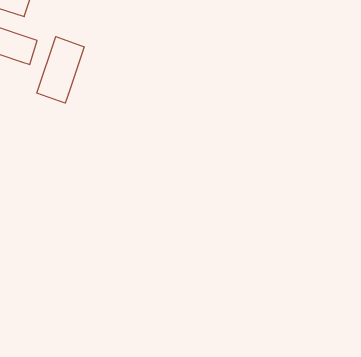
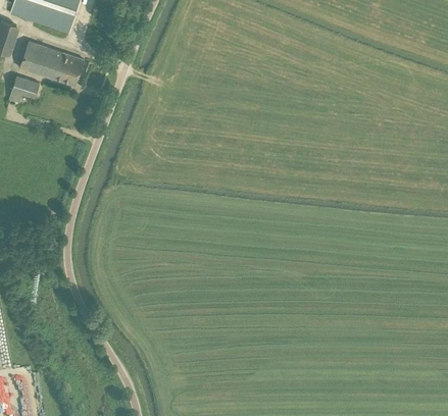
building: [37,37,84,103] -> none

